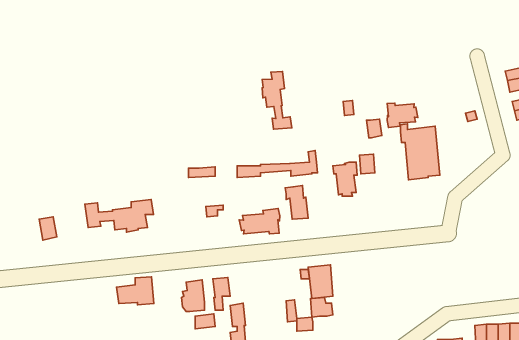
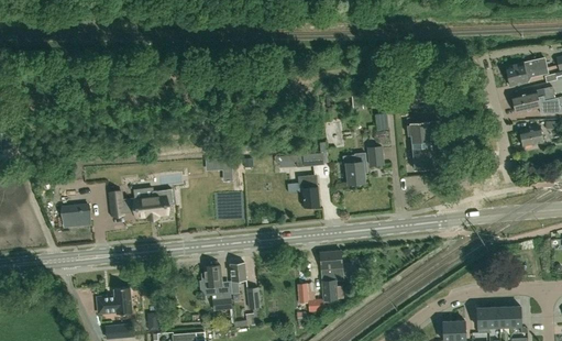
building: [262,71,292,129] -> none
building: [387,103,418,127] -> none
building: [239,209,280,234] -> none
building: [117,277,154,305] -> [96,288,131,315]

